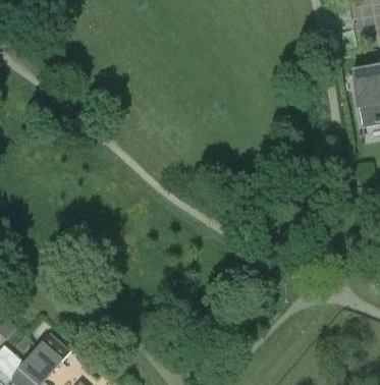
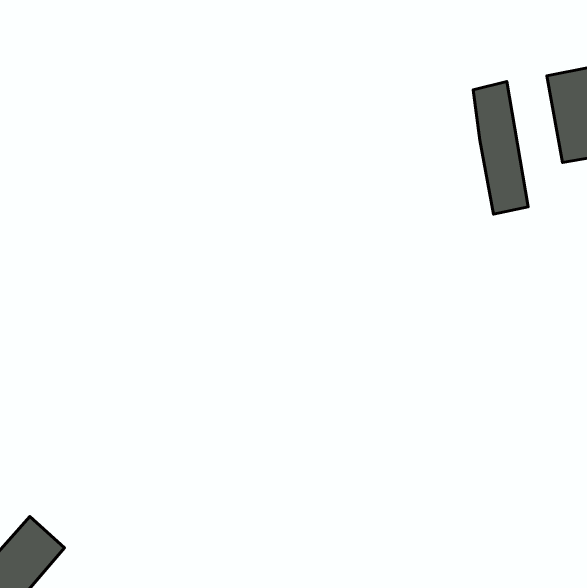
building: none -> [473,82,528,214]

